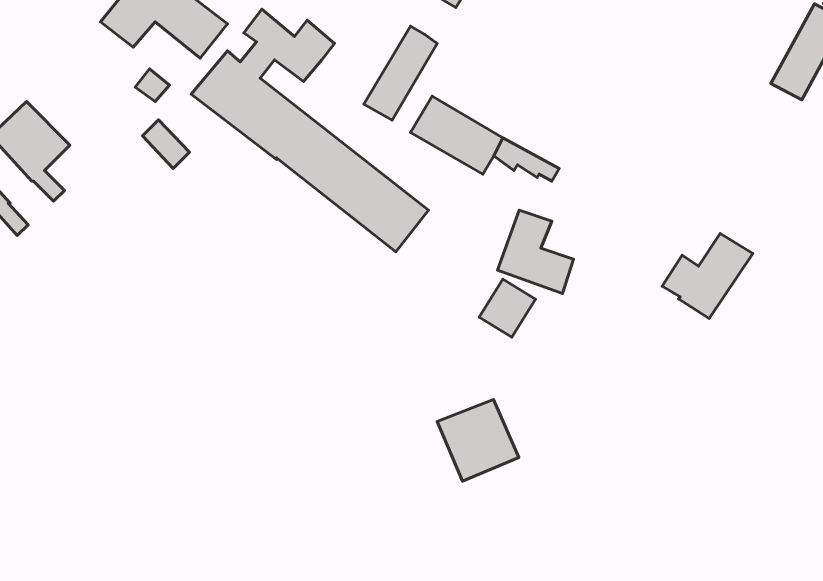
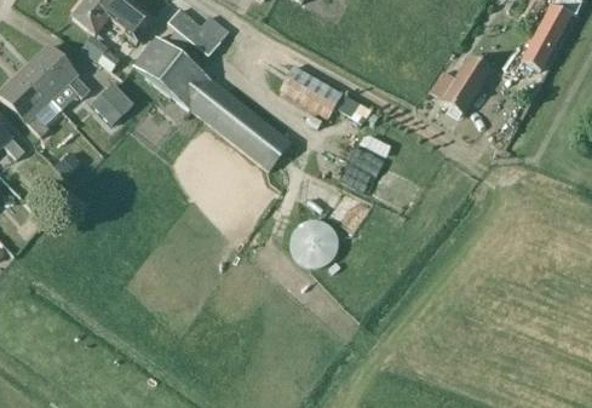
building: [364,26,437,120] -> none
building: none -> [23,46,90,99]
building: [662,233,753,319] -> [431,57,492,114]
building: [437,400,519,481] -> [284,218,339,272]

